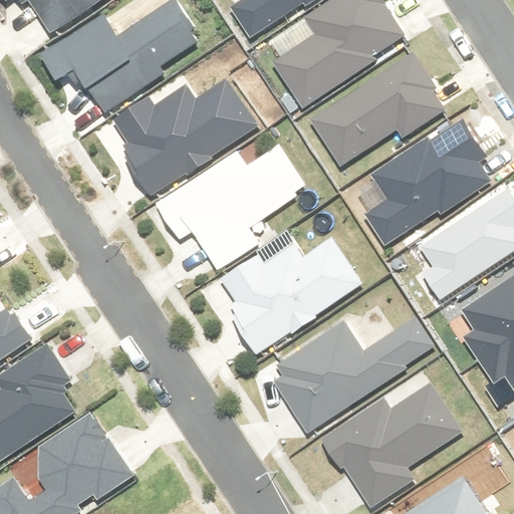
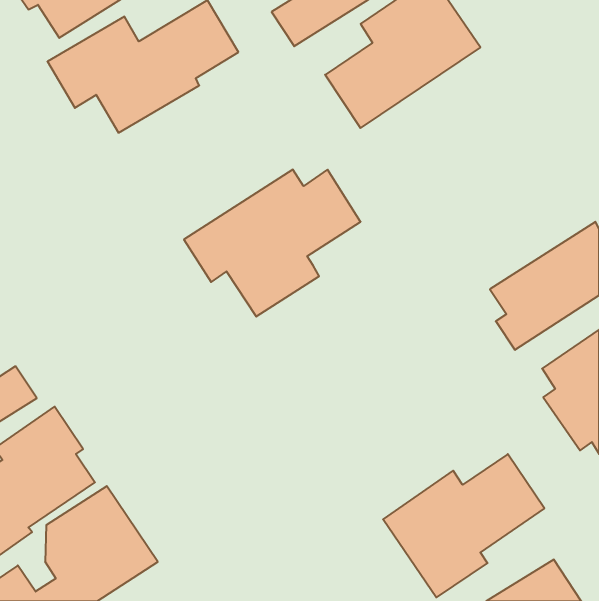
building: [311,54,445,165] -> none
building: [113,80,253,191] -> none
building: [366,118,492,240] -> none
building: [220,237,361,353] -> none
building: [271,318,433,432] -> none

